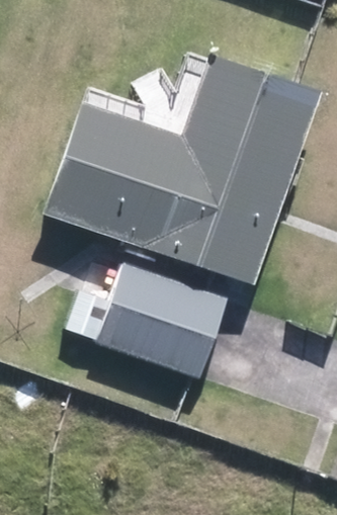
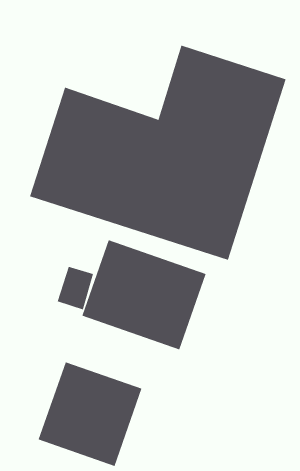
building: none -> [38,361,142,467]

